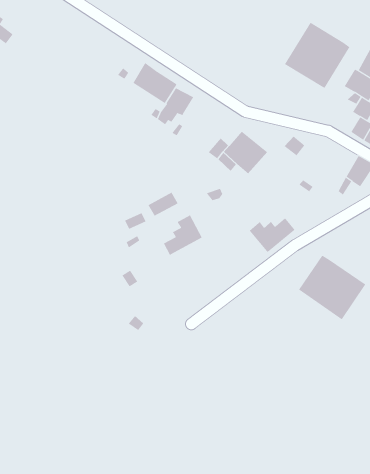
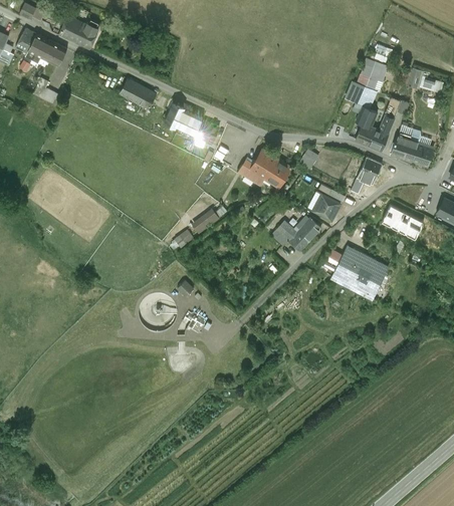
building: [284,22,350,89] -> none
building: none -> [121,79,155,107]
building: none -> [313,194,340,220]
building: [163,215,203,256] -> none

